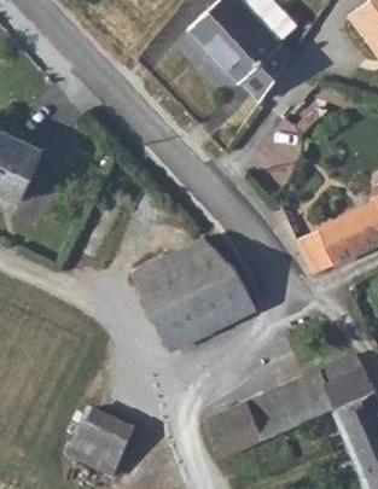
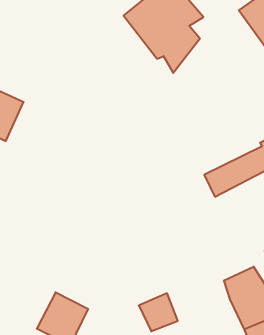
building: [128,239,255,353] -> none
building: [245,357,364,443] -> none

